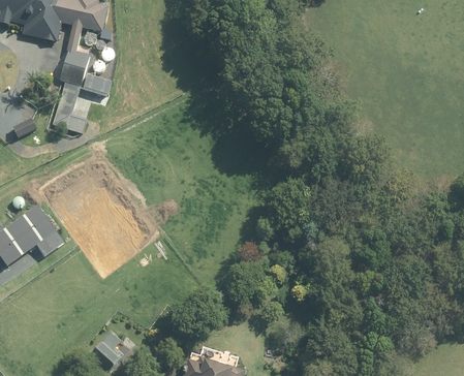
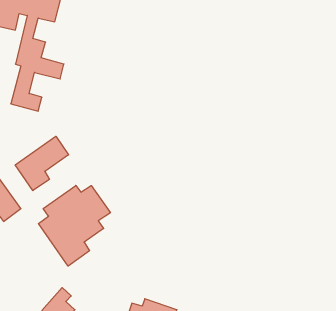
building: none -> [15,136,69,191]
building: none -> [38,185,110,266]

